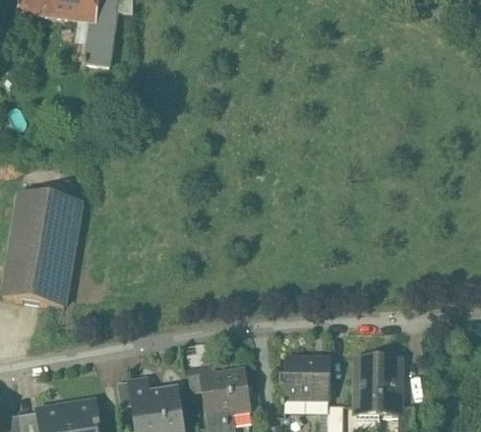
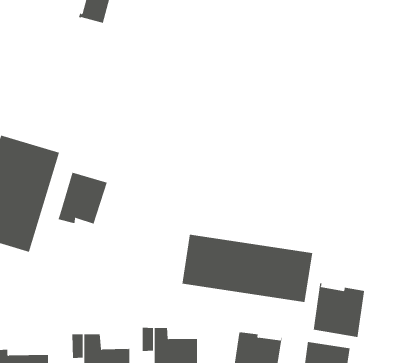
building: none -> [58,172,107,224]
building: none -> [182,234,313,303]
building: none -> [313,283,365,338]

